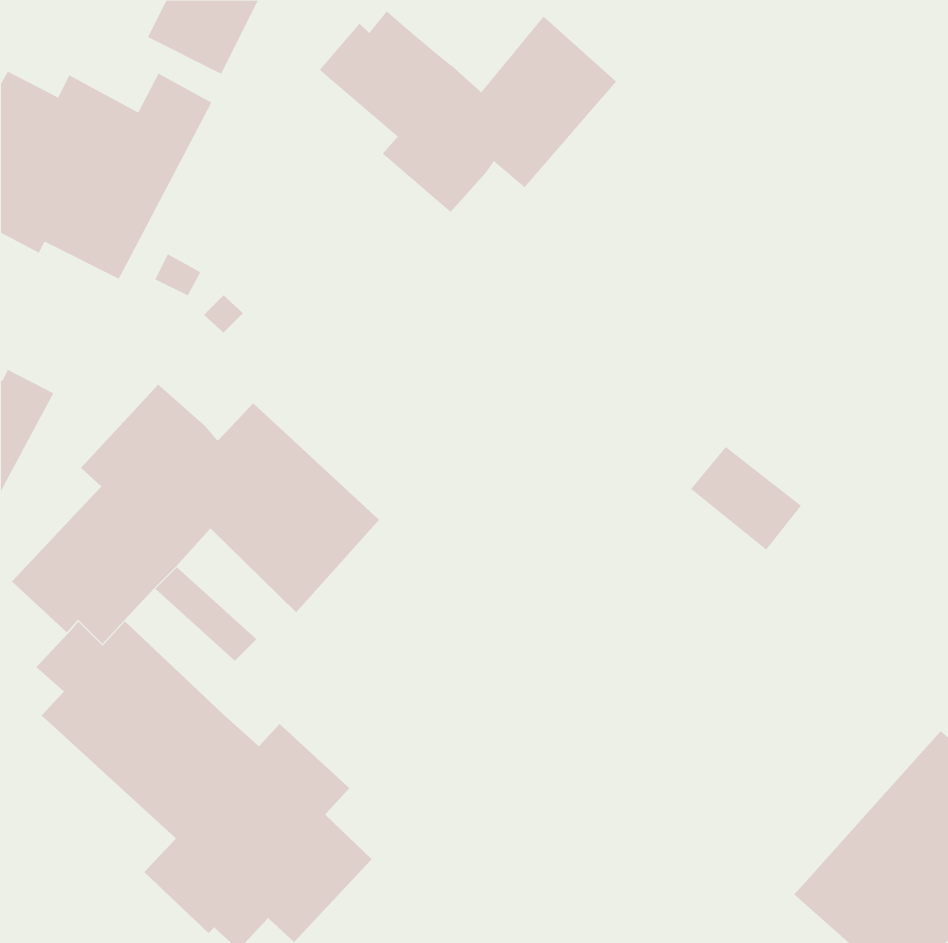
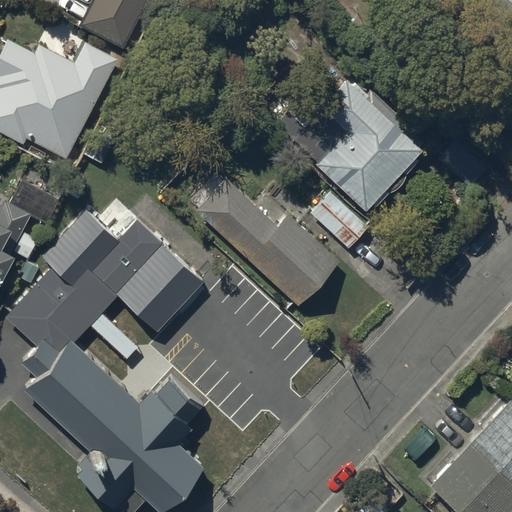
building: [319,10,617,213] -> none
building: none -> [270,83,422,211]
building: none -> [194,178,339,308]
building: [690,446,802,550] -> [309,189,369,245]

